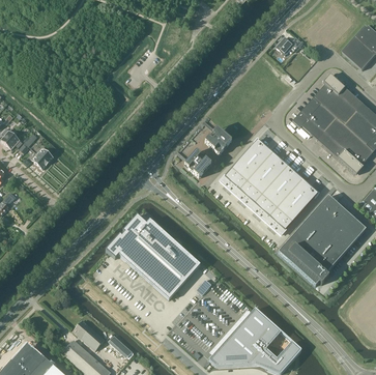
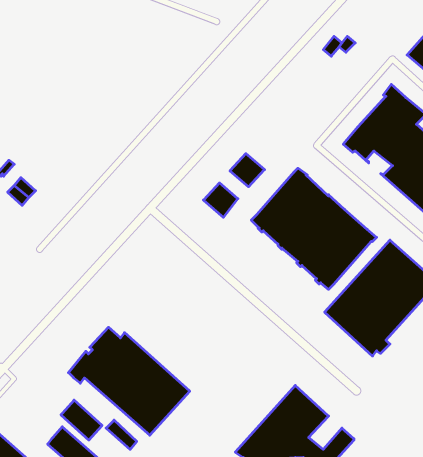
building: [106,214,200,298] -> [68,327,190,435]

